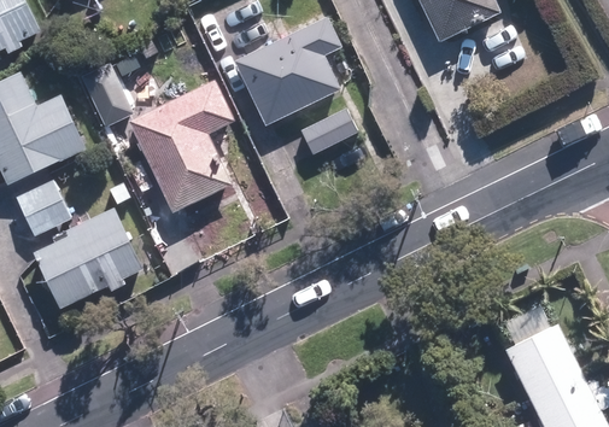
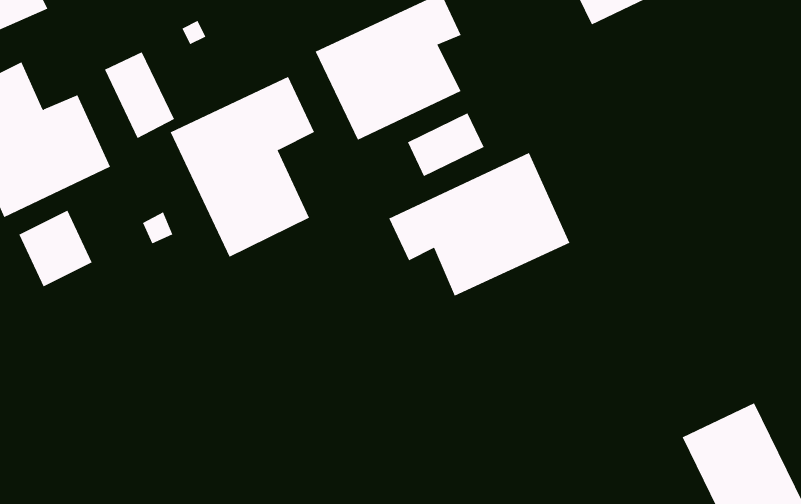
building: none -> [389,152,570,296]
building: [34,209,144,310] -> none

